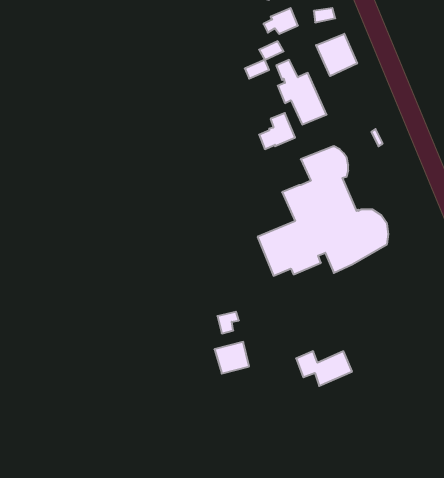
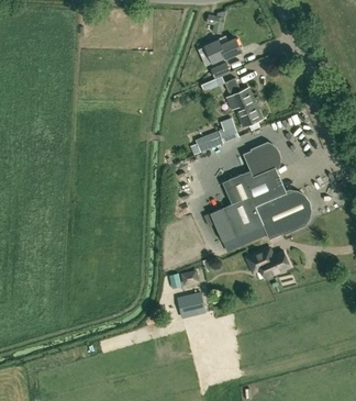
building: [316,34,357,76] -> none
building: [296,351,352,386] -> [245,252,288,278]

